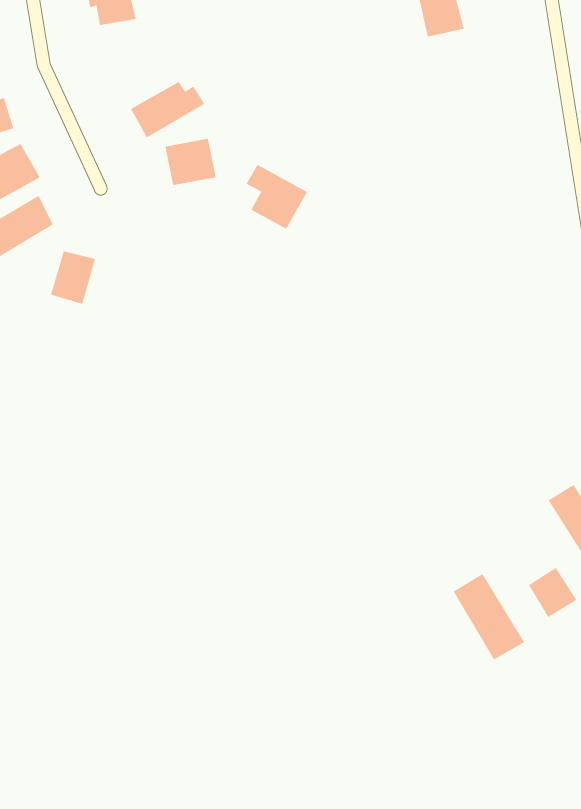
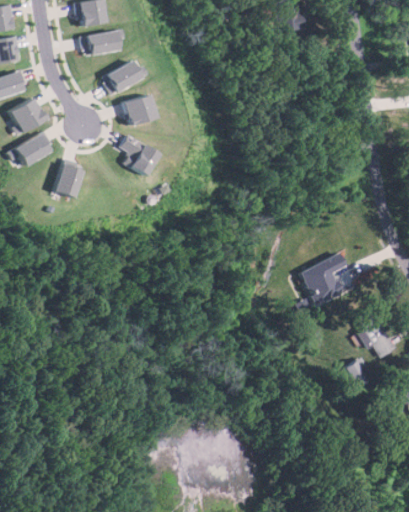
building: none -> [80,30,122,55]
building: [246,164,308,229] -> [117,135,155,175]
building: none -> [301,253,347,305]
building: [453,573,525,660] -> none

